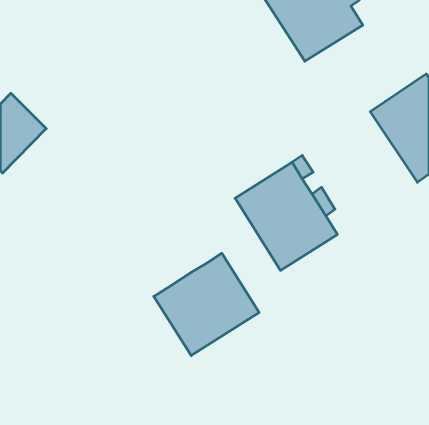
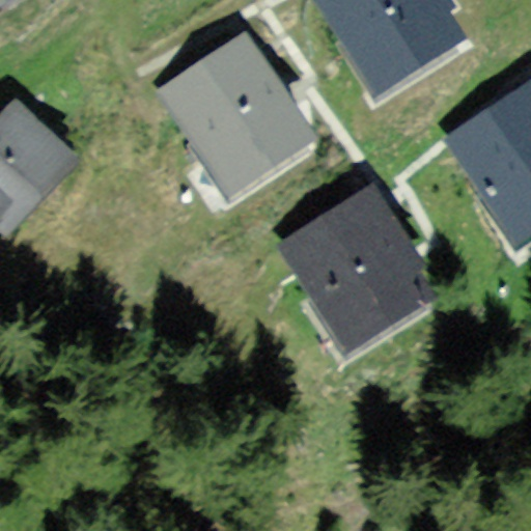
building: none -> [170,43,298,176]
building: [154,253,259,356] -> none

